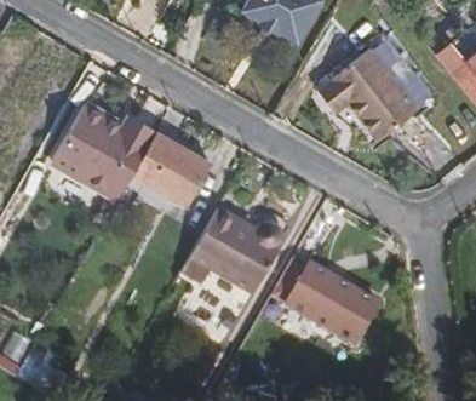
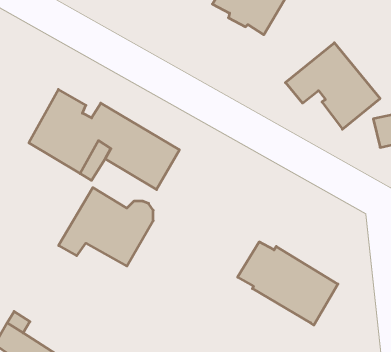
building: [180,207,281,291] -> [59,188,153,266]

